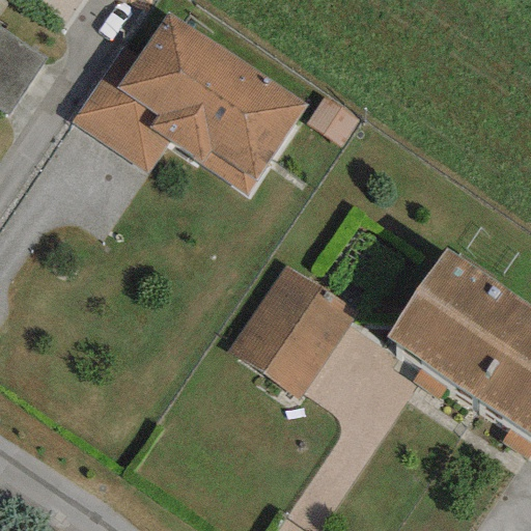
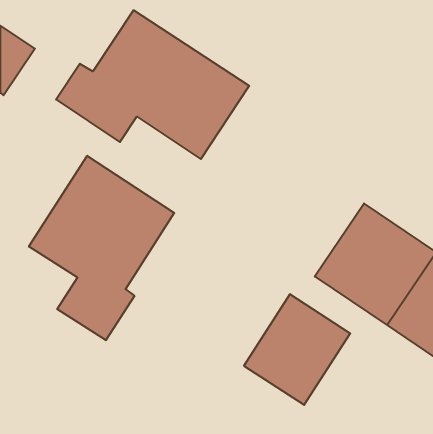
building: none -> [29,156,174,340]
building: [226,264,356,399] -> [244,294,350,405]

